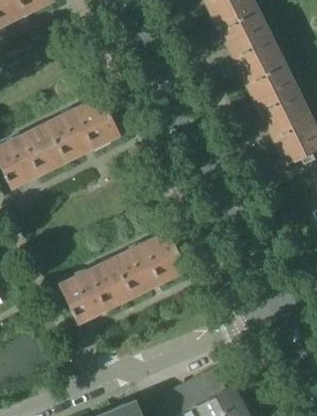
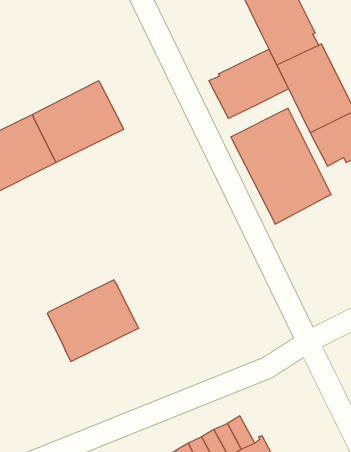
building: none -> [209,49,289,118]
building: none -> [231,108,331,224]
building: [115,229,189,295] -> none

